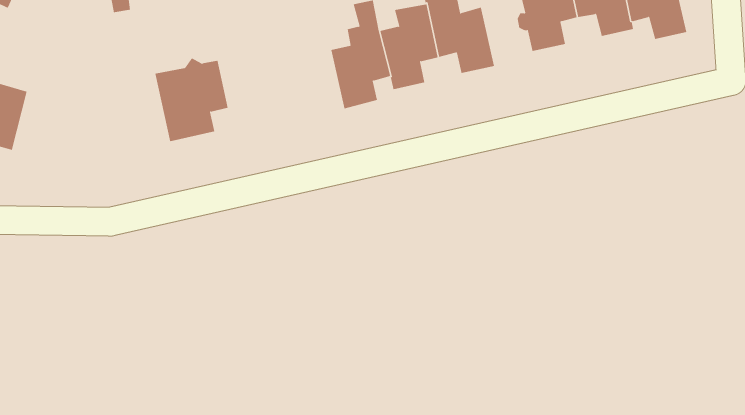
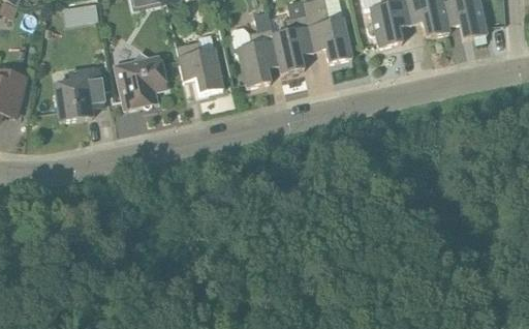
building: none -> [176,38,223,93]
building: none -> [54,64,104,120]

